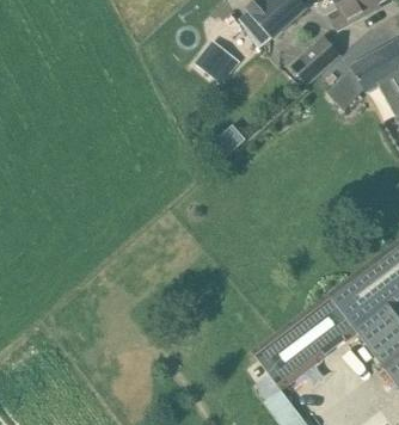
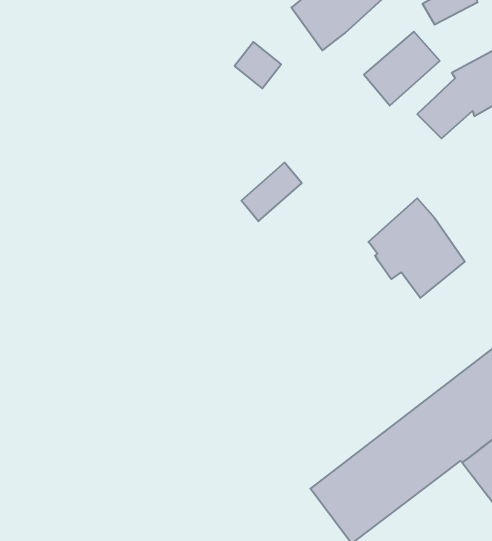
building: none -> [368,198,465,298]

